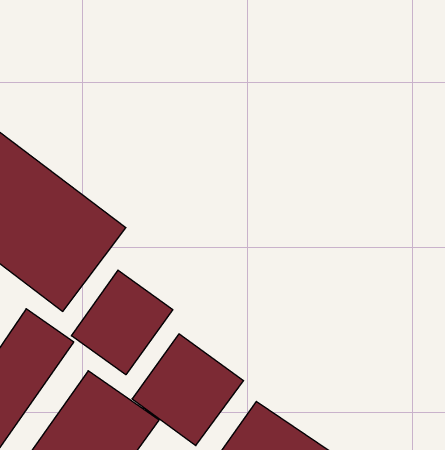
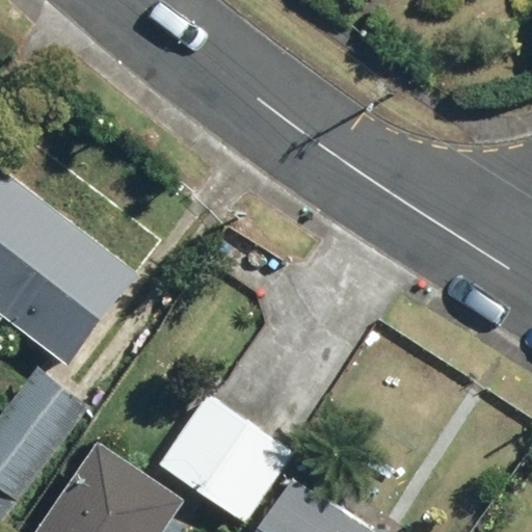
building: [71,270,173,375] -> none

